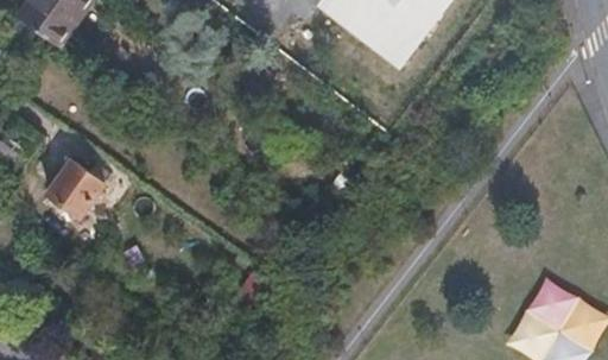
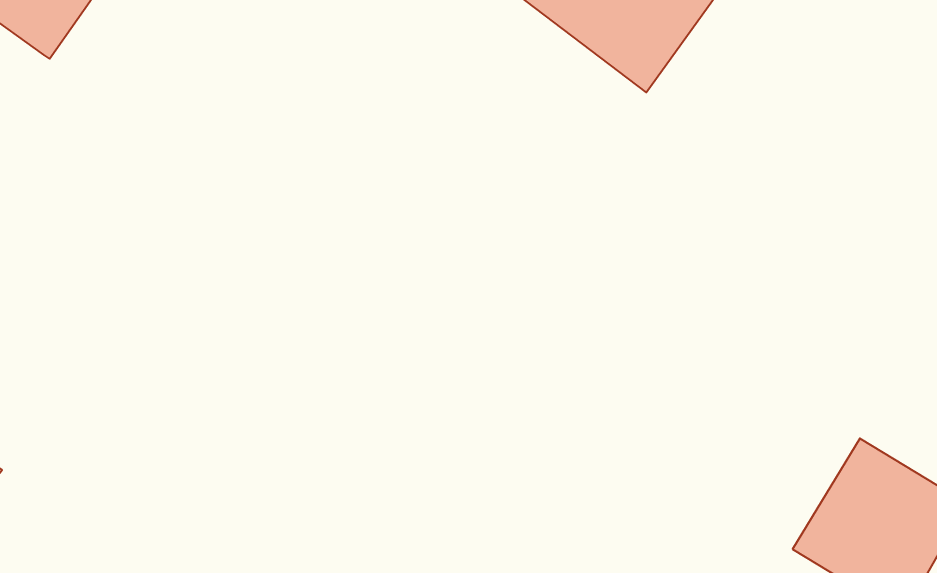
building: [45,160,102,217] -> none

